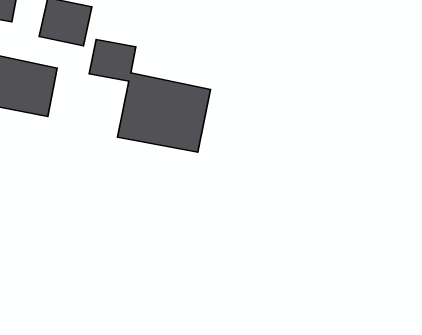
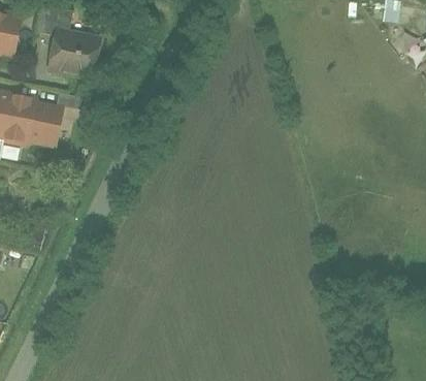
building: [89,40,211,152] -> none

